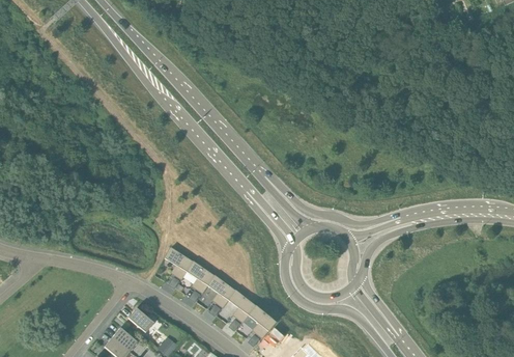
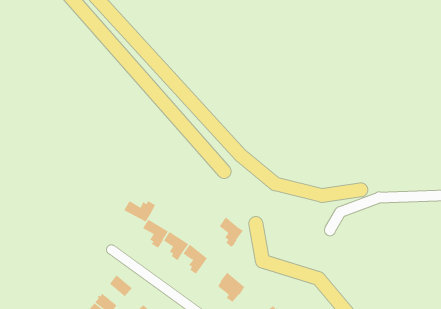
building: none -> [123,199,156,223]
building: [229,291,256,324] -> [219,217,244,247]

